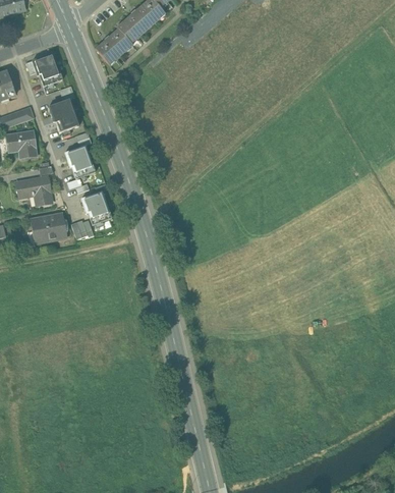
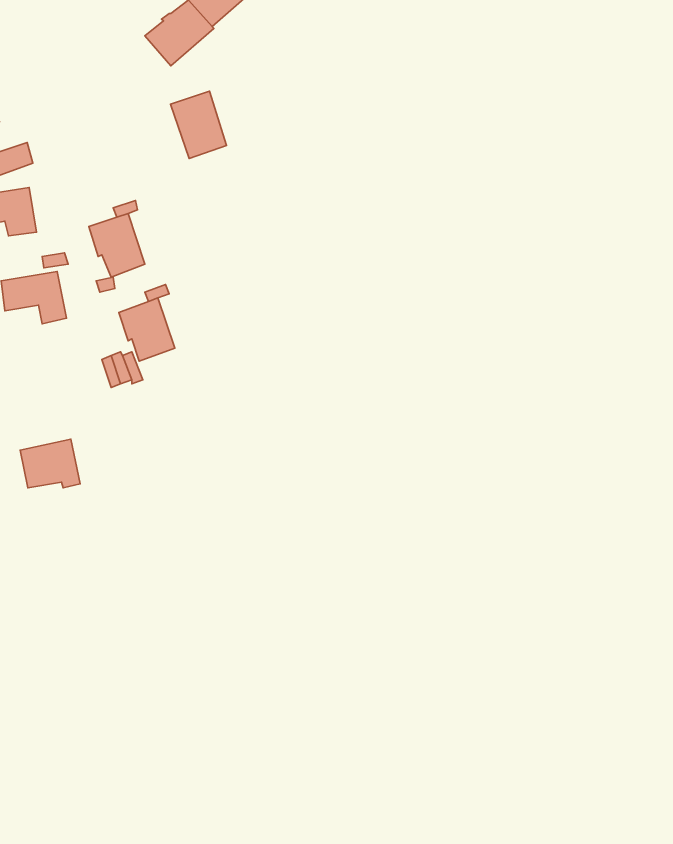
building: [35,51,63,86] -> none
building: [49,96,79,132] -> [170,91,226,159]
building: [33,213,65,239] -> [20,439,80,488]

